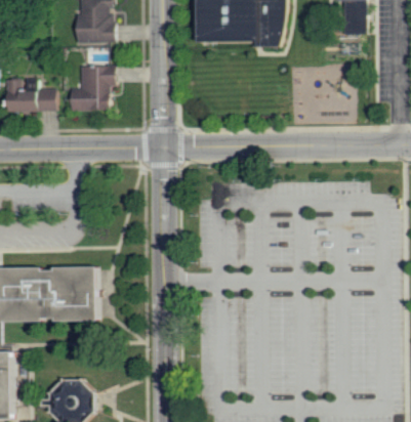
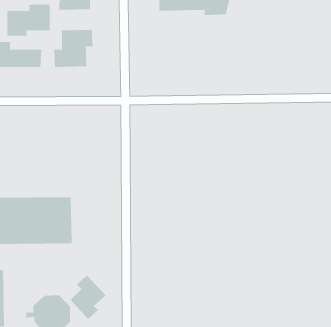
building: none -> [7,4,50,37]
building: none -> [70,275,107,320]

